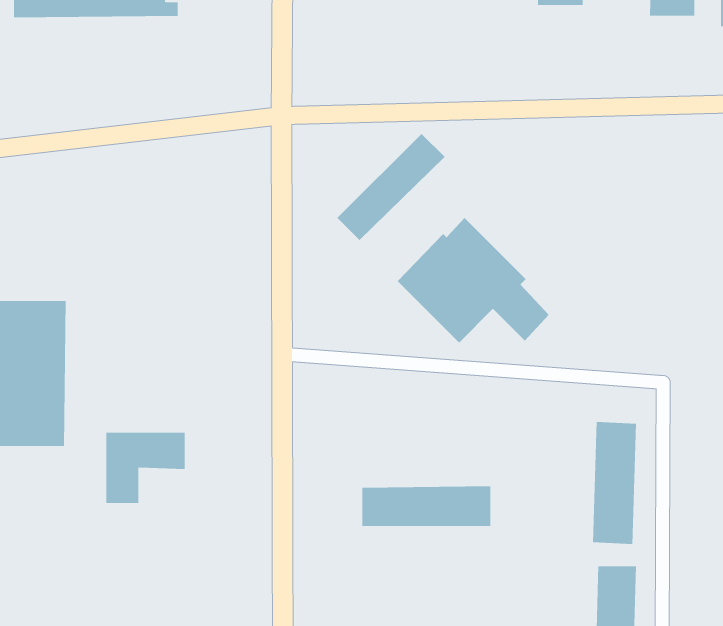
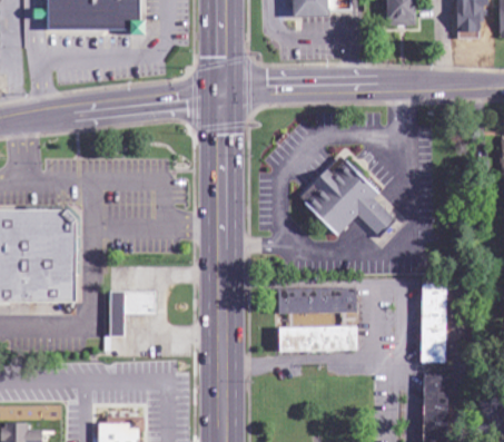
building: [337,133,445,241] -> none
building: none -> [273,286,353,312]

